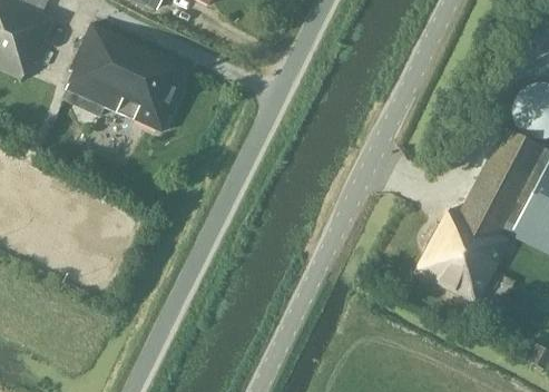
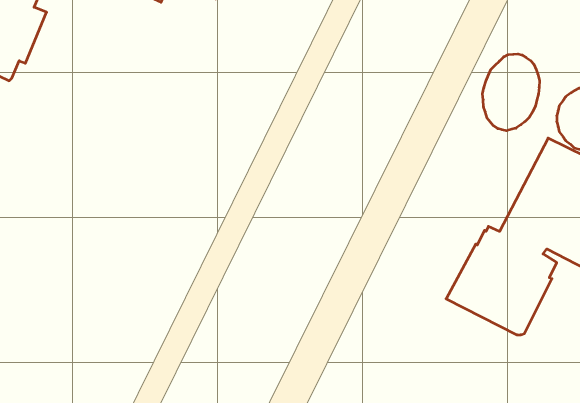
building: [66,21,190,131] -> none
building: none -> [482,54,540,131]

